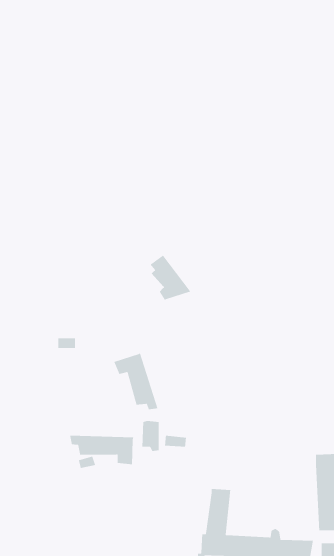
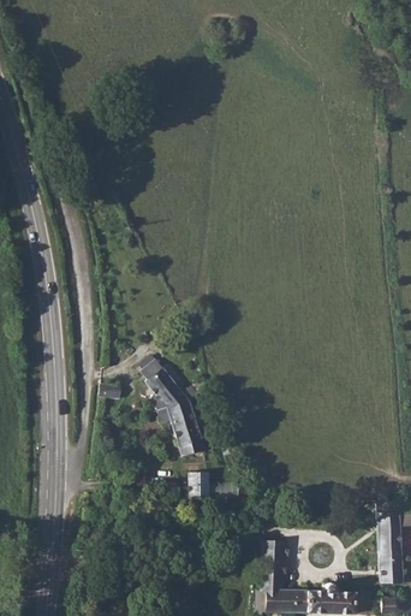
building: [150,254,192,301] -> [143,360,187,409]
building: [69,435,134,465] -> none

